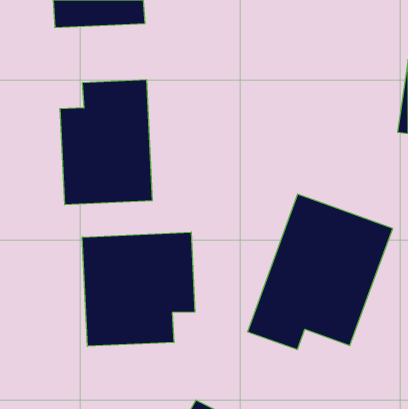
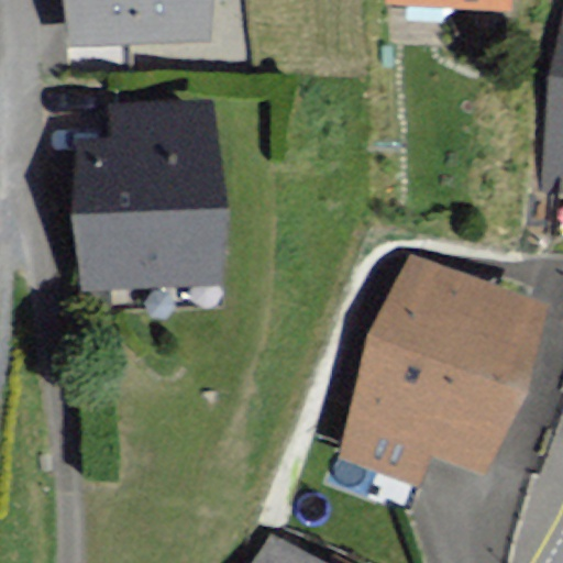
building: [82,232,195,346] -> none

